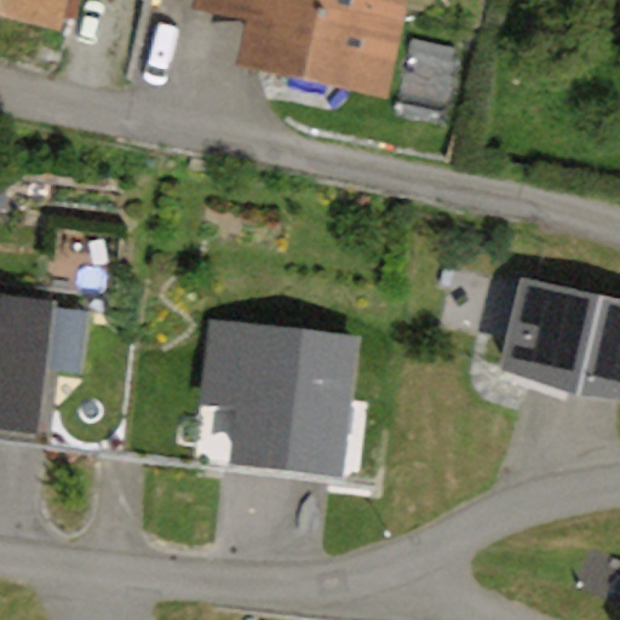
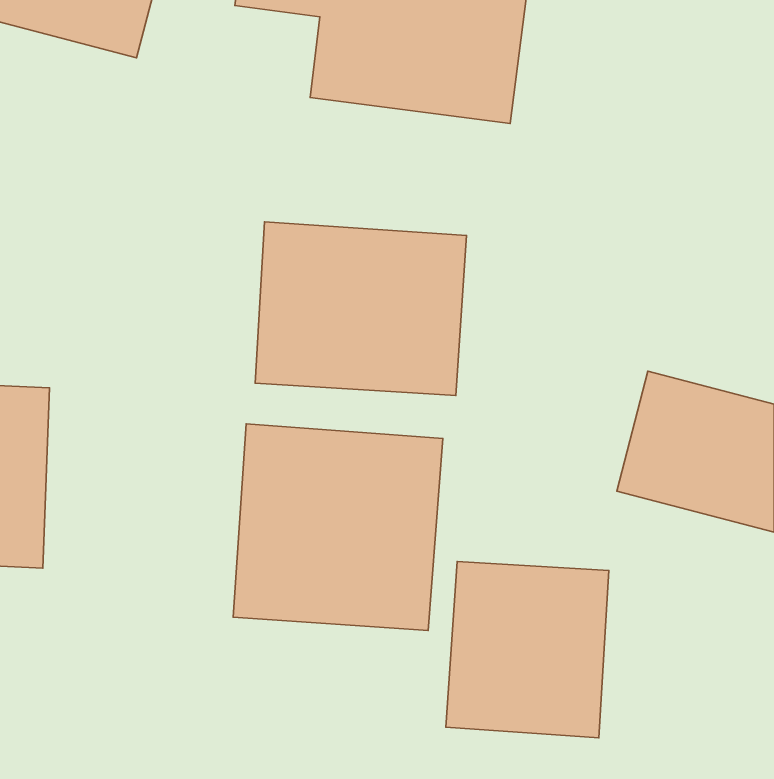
building: none -> [255,222,467,395]
building: none -> [446,562,609,738]

